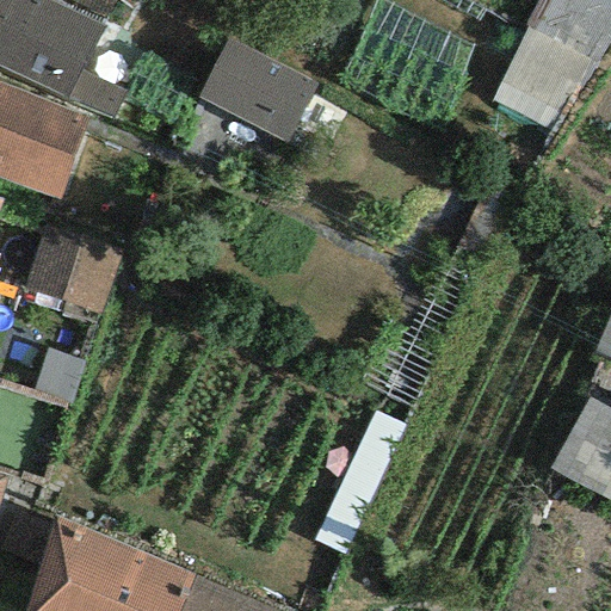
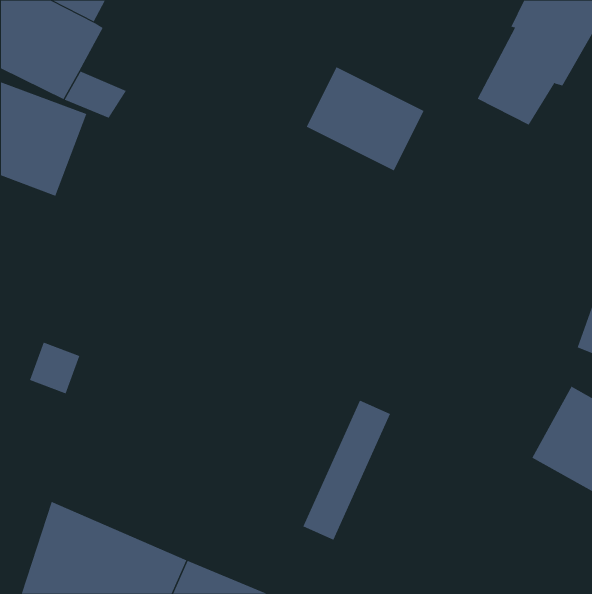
building: [197,37,319,144] -> [306,67,425,171]
building: [27,221,126,314] -> none

